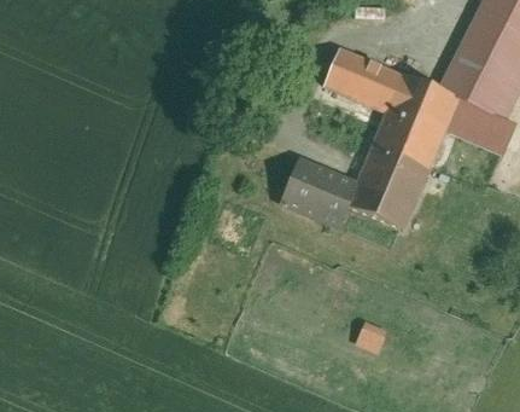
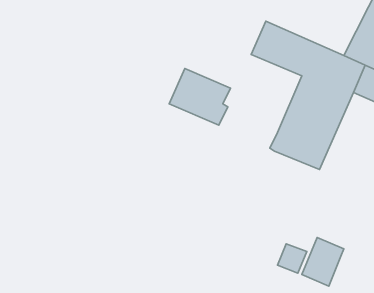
building: [279,158,355,228] -> [169,69,231,125]
building: none -> [302,237,344,286]

